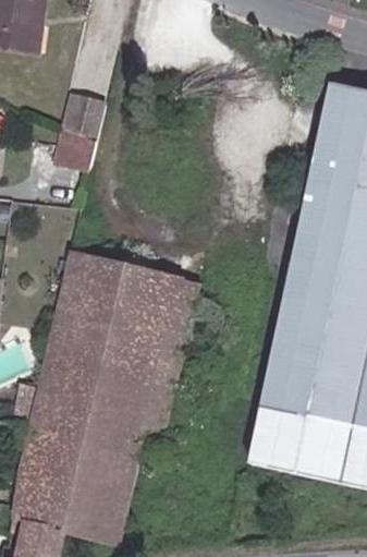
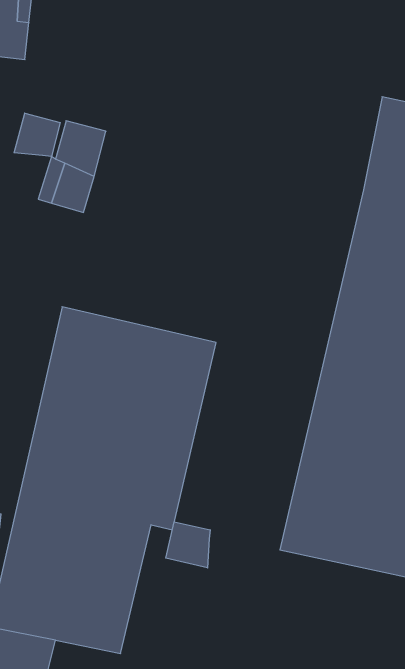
building: none -> [14,113,60,157]
building: none -> [166,522,210,568]

